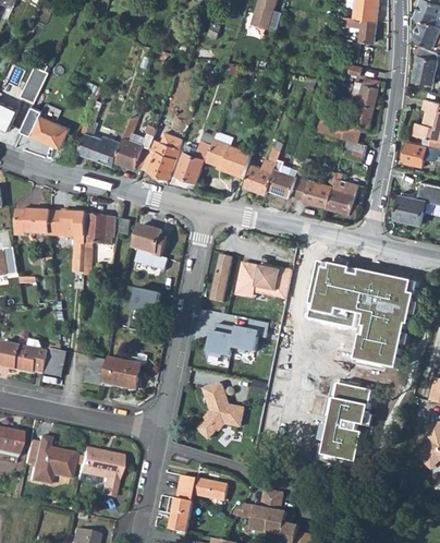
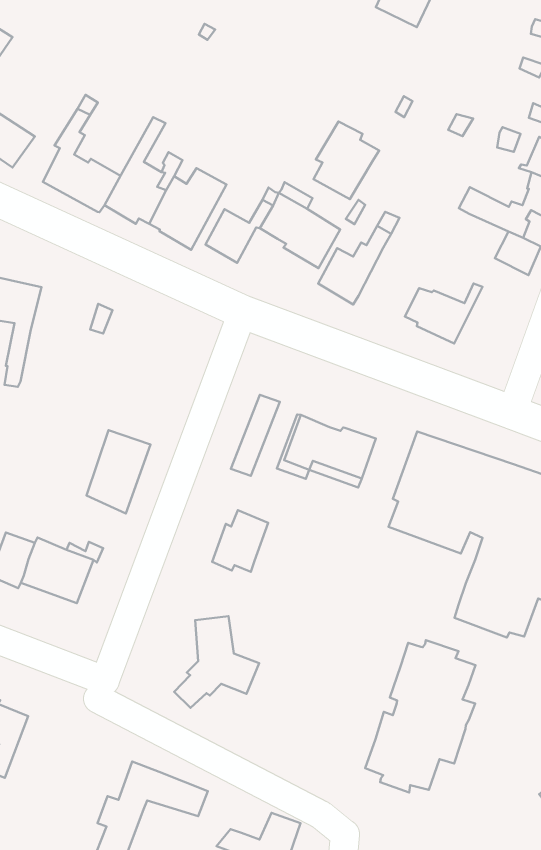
building: none -> [313,122,379,199]
building: [267,160,294,197] -> none
building: [326,171,357,215] -> none
building: [83,216,114,269] -> none
building: [133,225,166,270] -> none
building: [232,319,269,352] -> none

